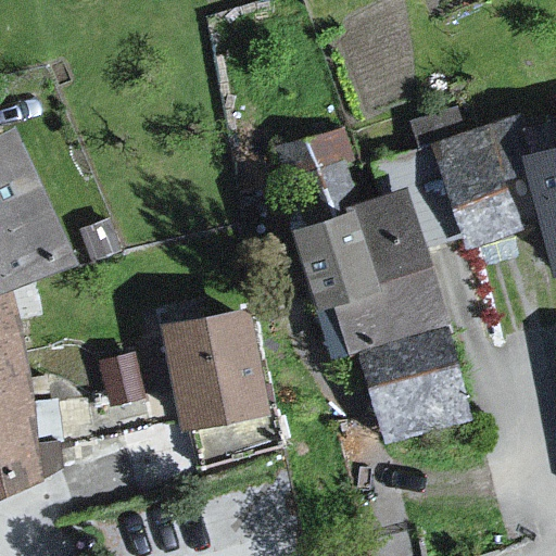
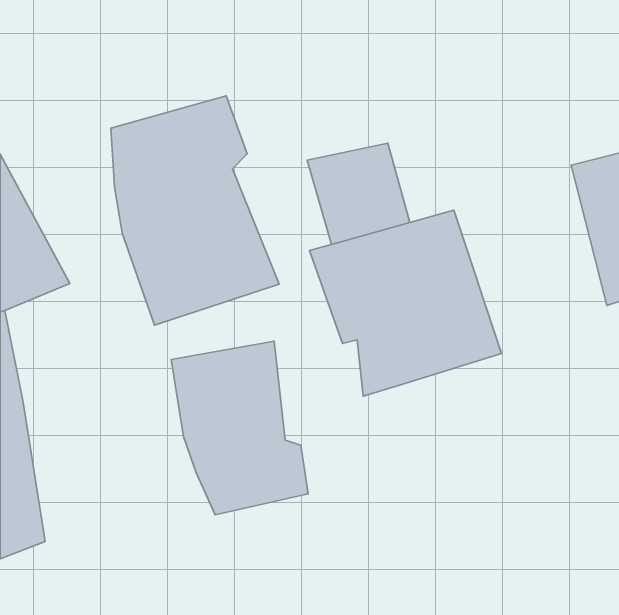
building: none -> [111,96,279,325]
building: [431,119,533,238] -> none
building: [356,314,468,444] -> none

